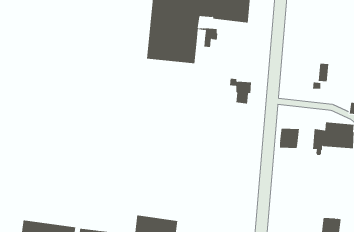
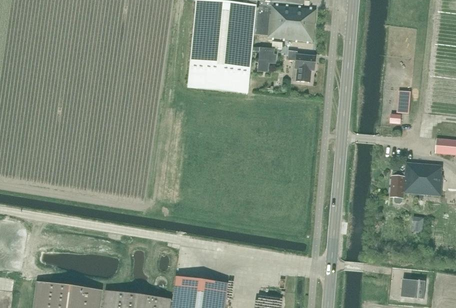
building: [229,78,252,104] -> [287,49,315,81]
building: [278,128,299,149] -> none

